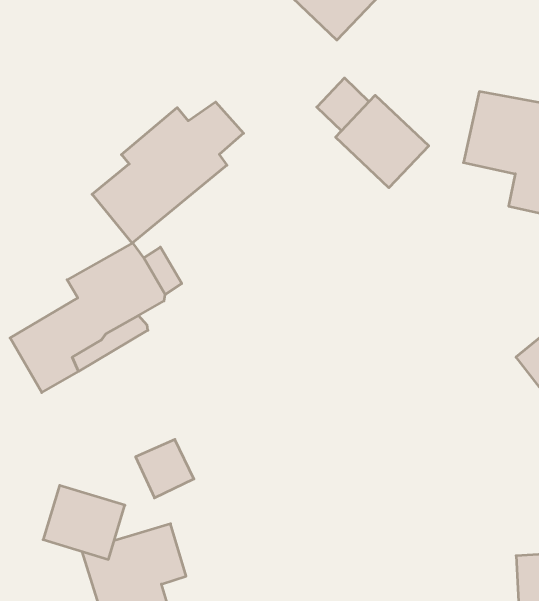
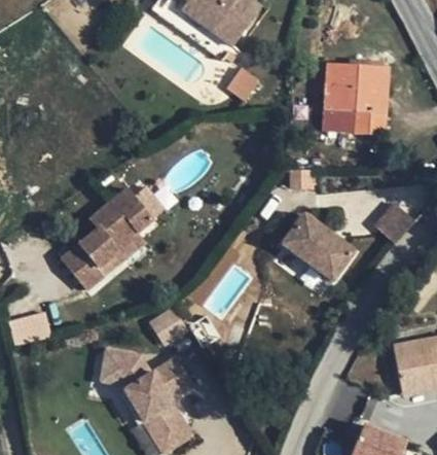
building: [336,95,429,188] -> none
building: [92,102,244,243] -> none
building: none -> [277,217,348,283]

